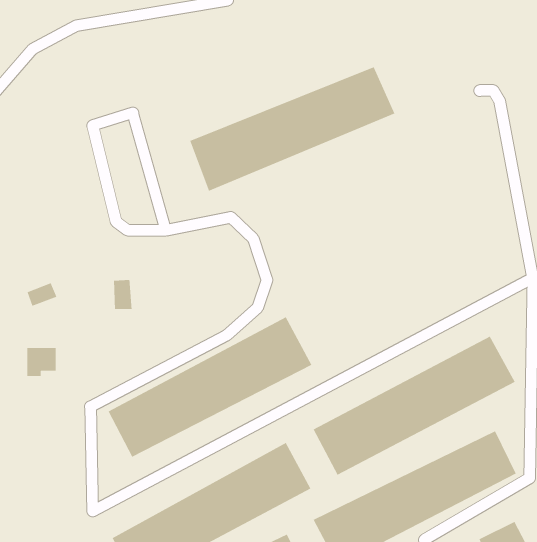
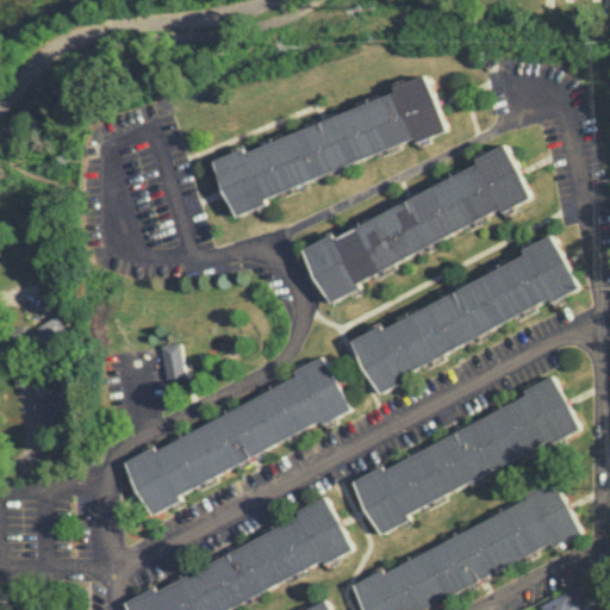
building: none -> [303,147,529,304]
building: none -> [350,236,577,396]
building: [113,279,132,310] -> [161,344,182,379]

